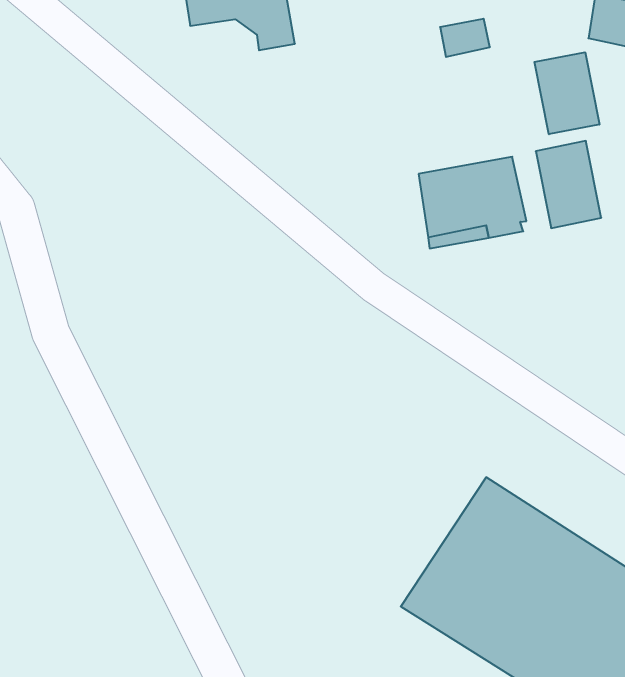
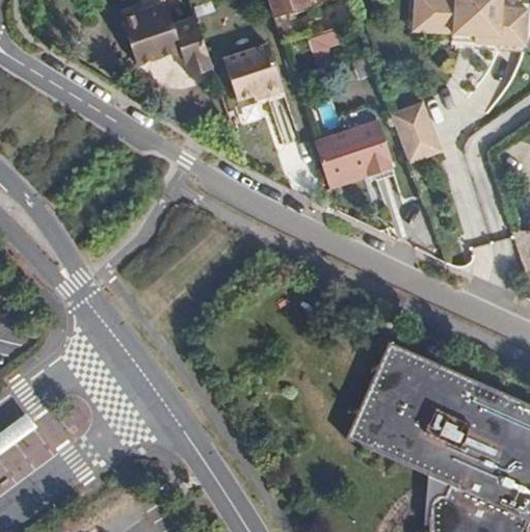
building: none -> [222,43,282,98]
building: [534,52,599,134] -> none

